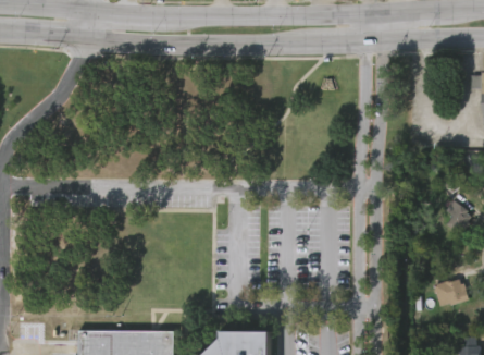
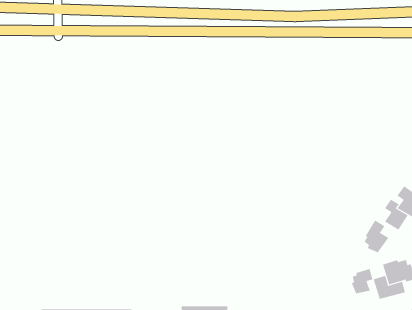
building: none -> [364,220,389,253]
building: none -> [351,268,373,294]

